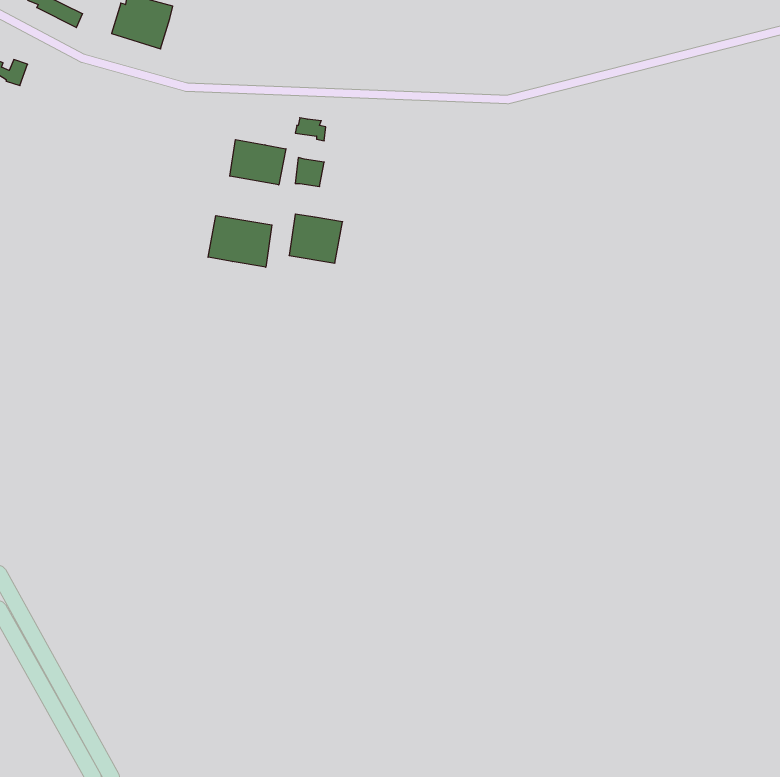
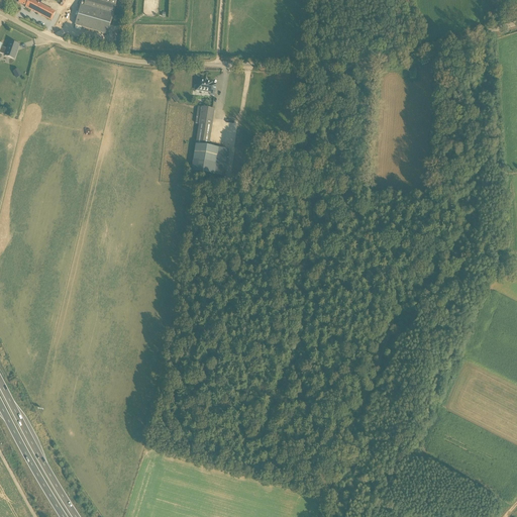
building: [230,140,286,185] -> none
building: [208,216,272,267] -> none

